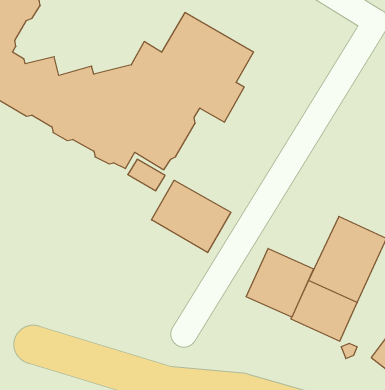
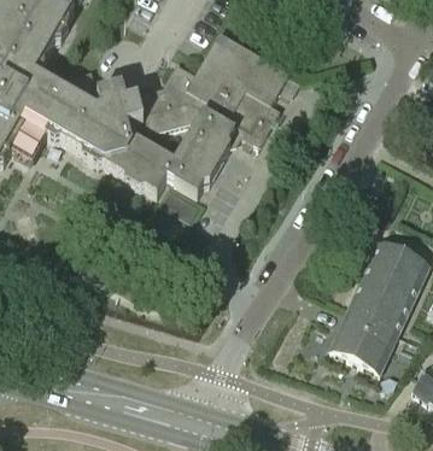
building: [151,180,231,253] -> none
building: [246,248,314,317] -> none

